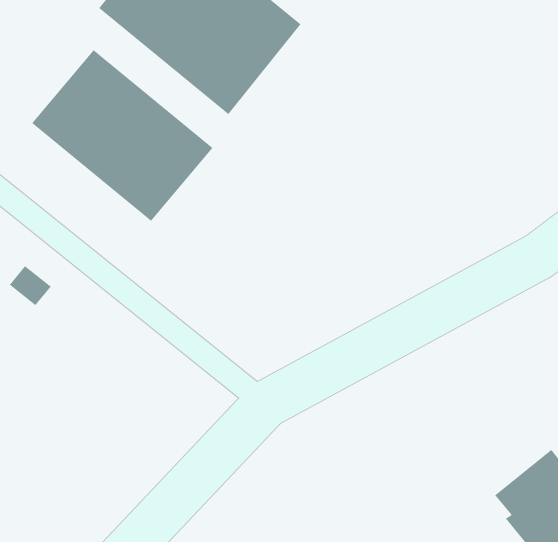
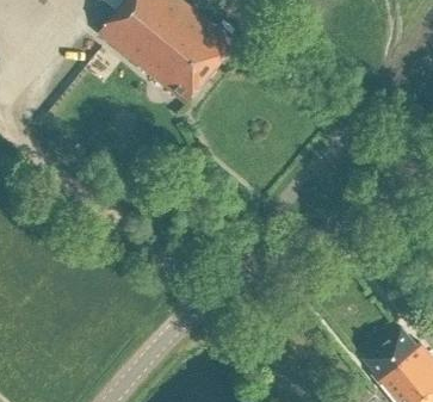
building: [31,49,213,222] -> none

